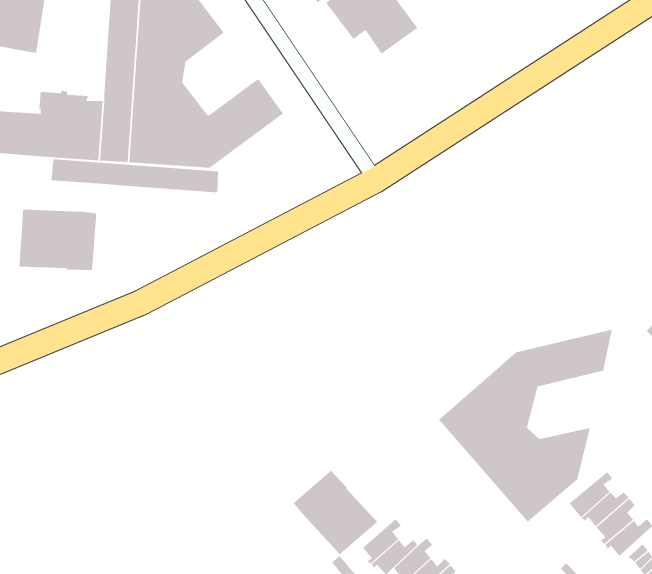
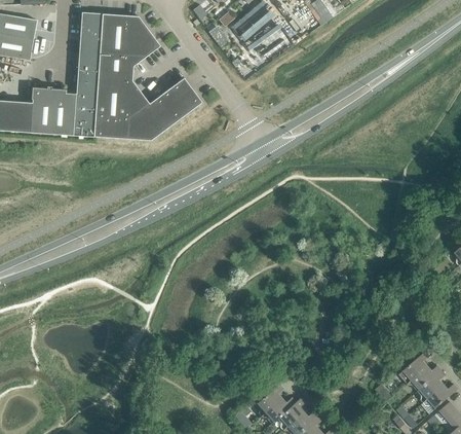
building: [51,159,218,193] -> none
building: [19,209,97,271] -> none
building: [438,329,612,523] -> none
building: [293,470,378,555] -> none

